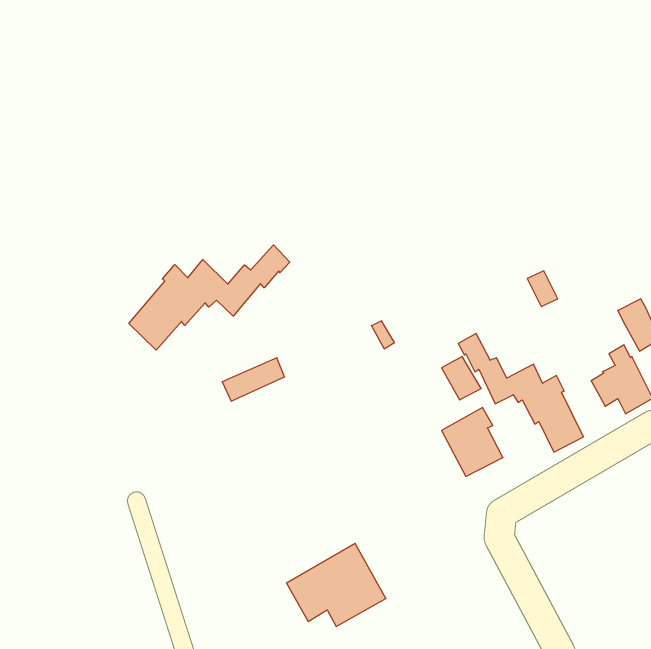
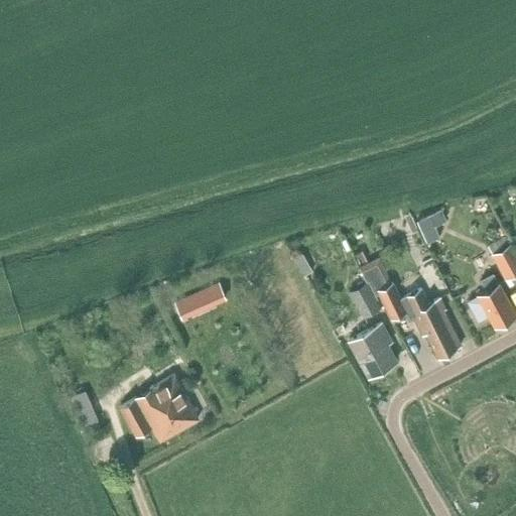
building: [129,245,290,350] -> none
building: none -> [69,393,98,430]
building: [286,543,386,626] -> [120,377,199,442]

